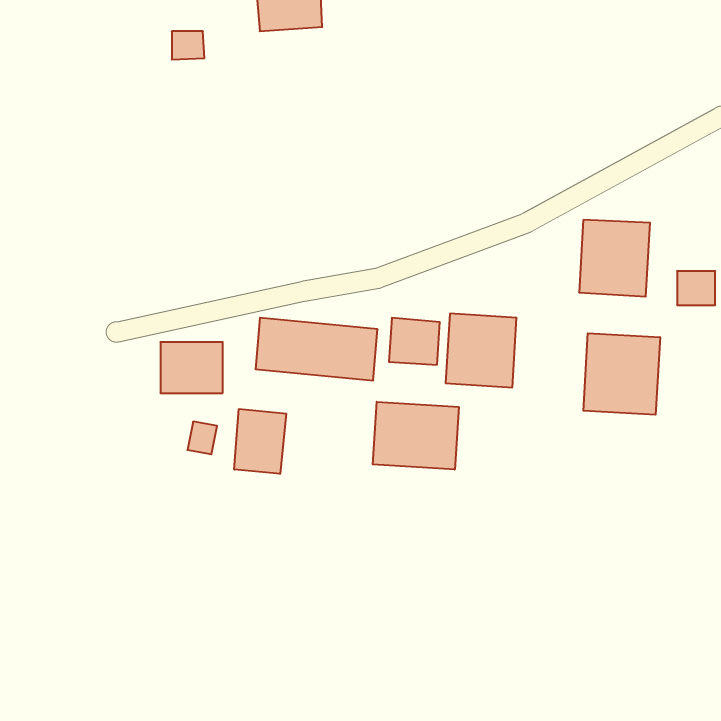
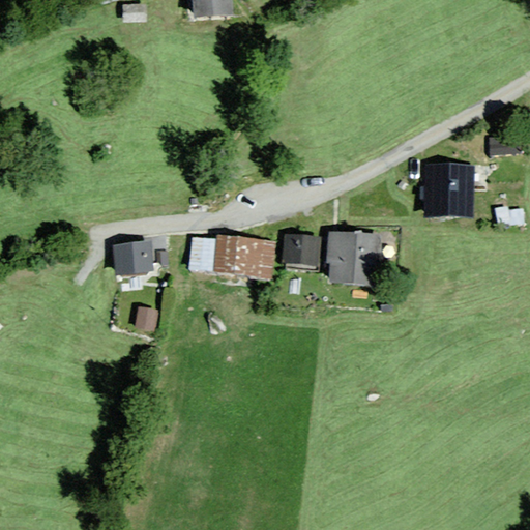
building: [583,333,660,415] -> none
building: [373,402,459,470] -> none
building: [234,409,286,474] -> none

